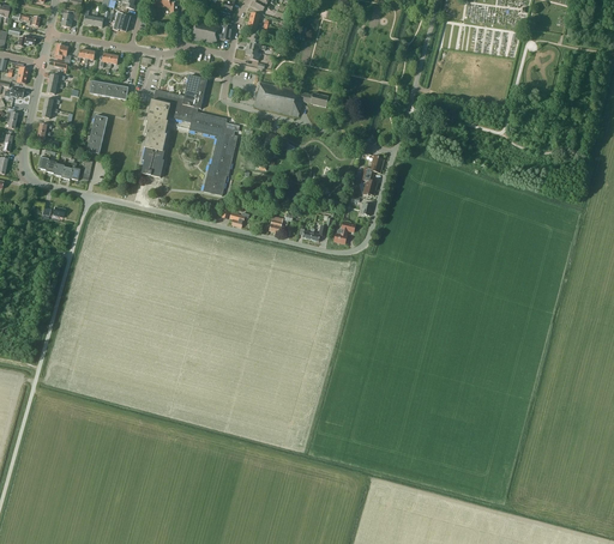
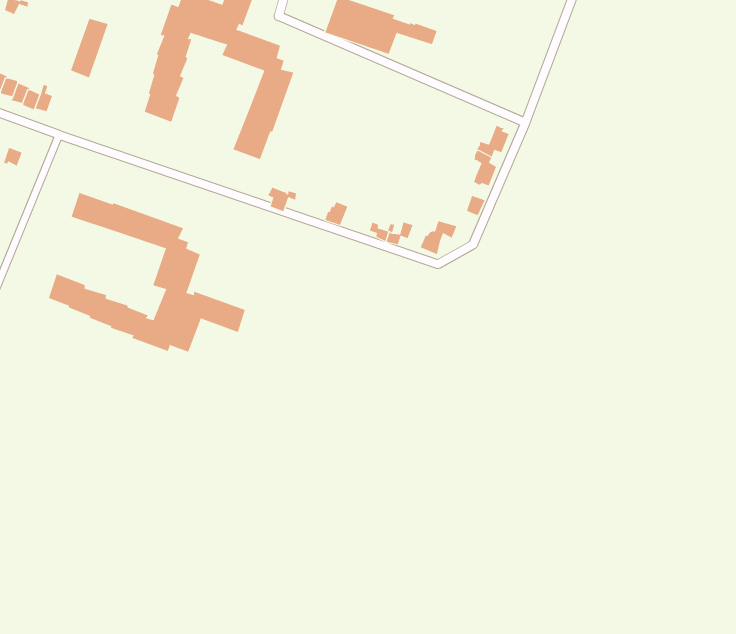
building: none -> [48,192,246,353]

